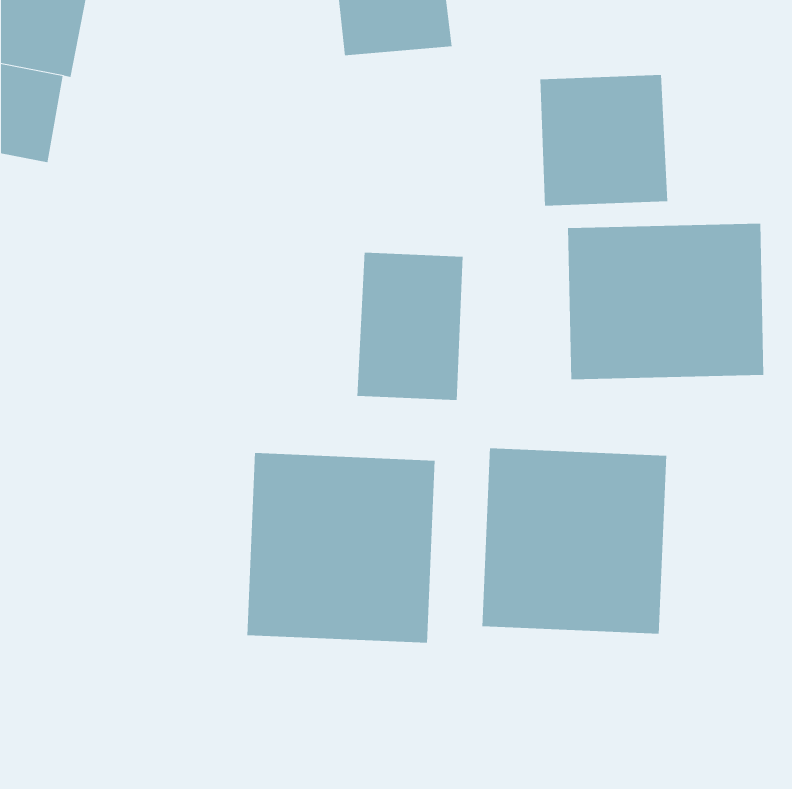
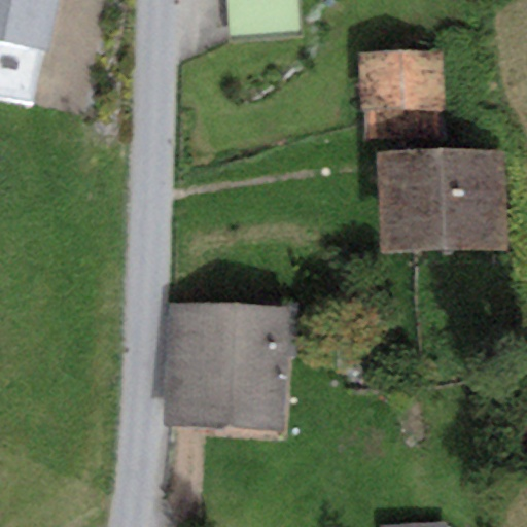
building: [357,252,463,401] -> none
building: [482,447,667,634] -> none

